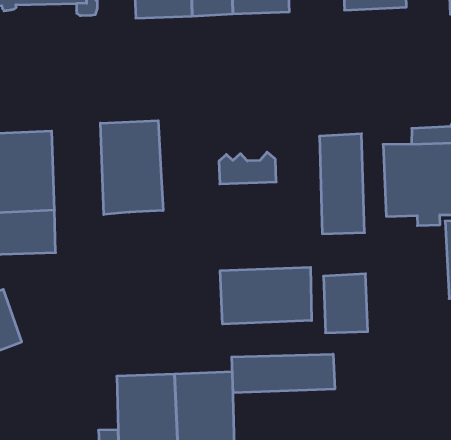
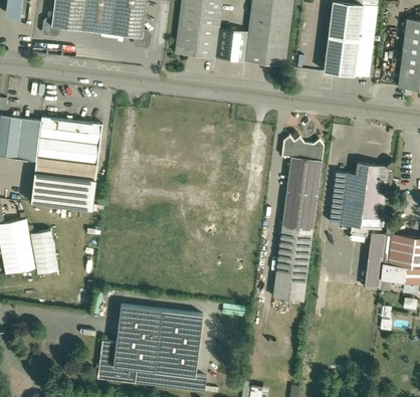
building: [100,121,163,215] -> none
building: [219,152,276,184] -> [281,135,324,160]
building: none -> [278,226,312,259]
building: [220,267,312,324] -> none
building: [232,354,335,393] -> none

